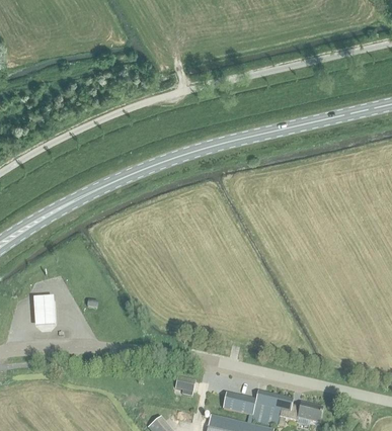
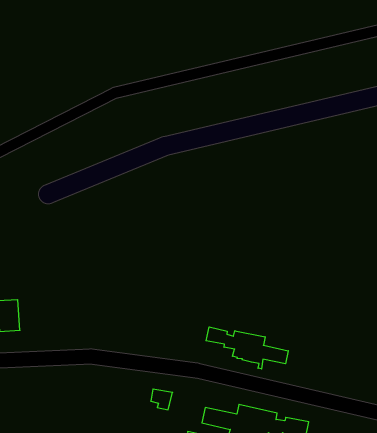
building: none -> [206,327,288,369]

